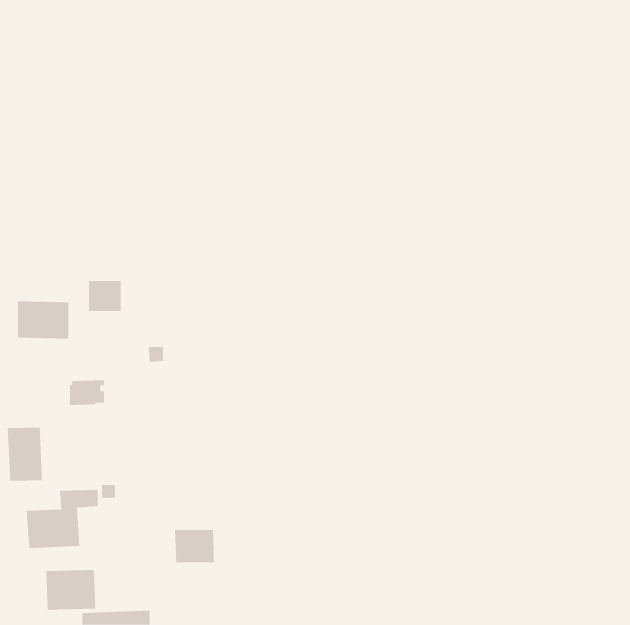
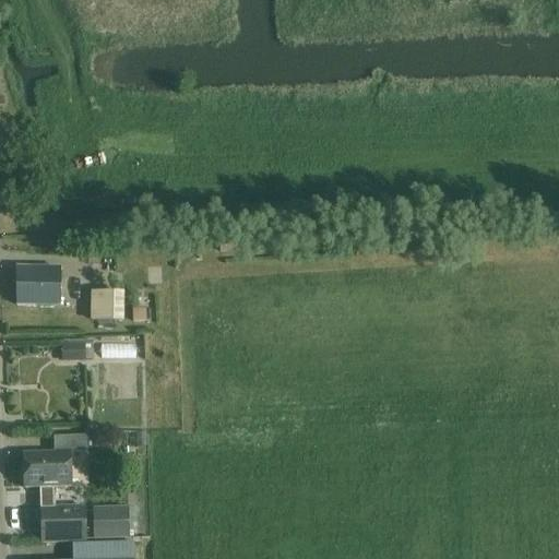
building: [88,281,121,311] -> [93,292,122,319]
building: [7,427,43,481] -> none
building: [174,530,215,563] -> [93,507,129,536]

